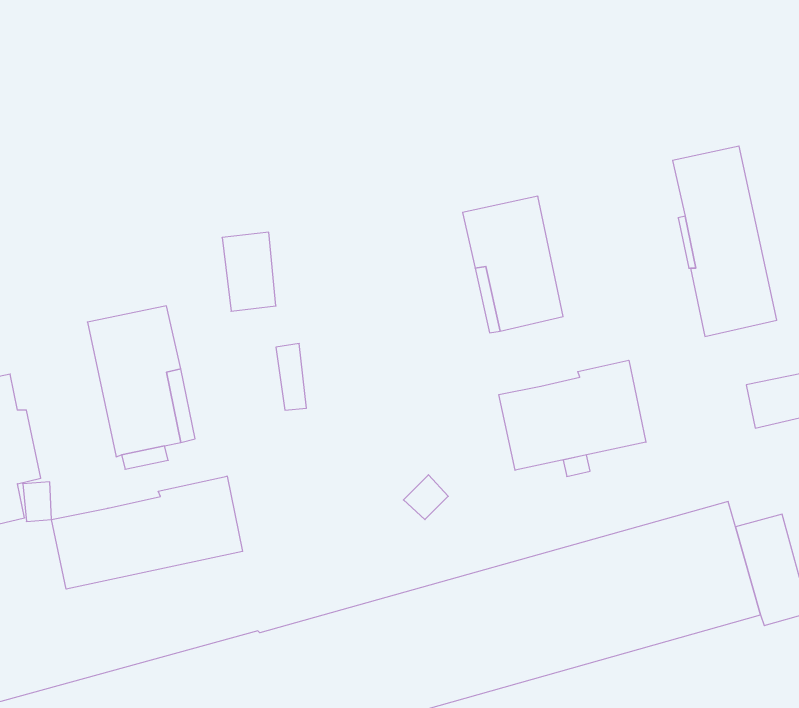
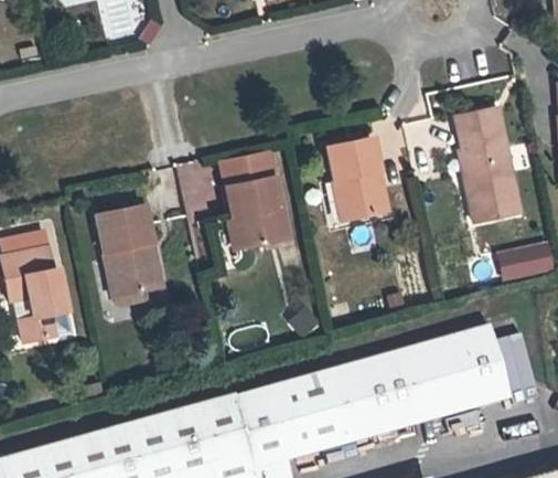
building: none -> [221,153,288,249]
building: [499,360,646,470] -> none
building: [51,476,243,589] -> none

